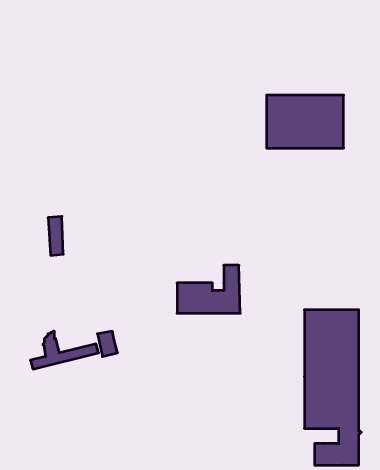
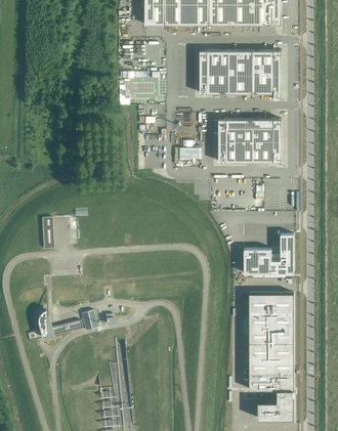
building: none -> [199,50,281,99]
building: [177,265,240,313] -> [243,234,294,273]

